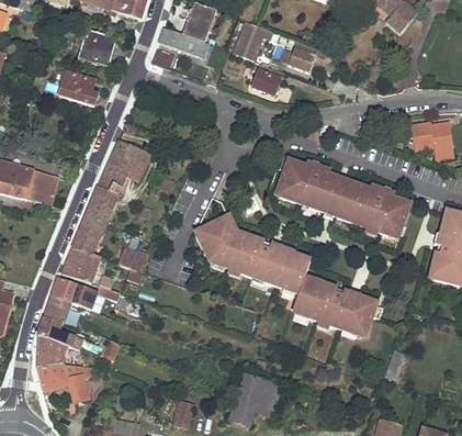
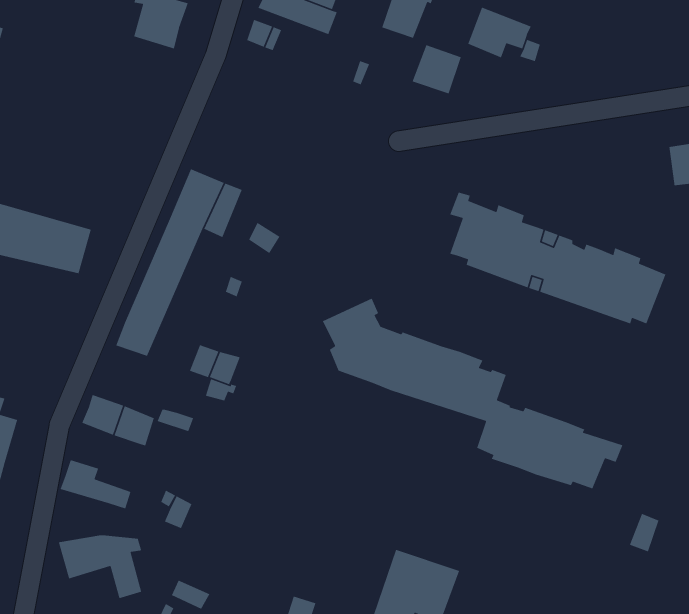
building: [59,70,99,105] -> none
building: [61,247,100,281] -> none
building: [45,294,71,323] -> none
building: [37,335,68,367] -> none

